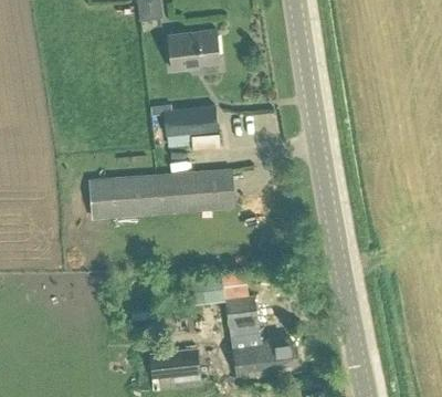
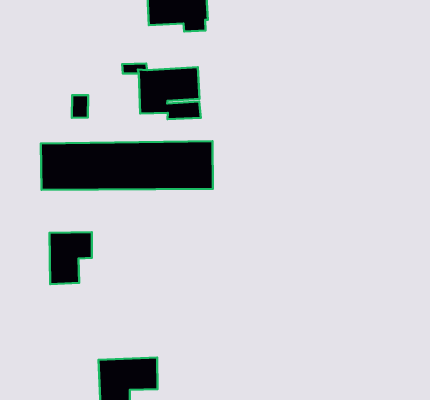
building: none -> [49,232,92,284]
building: [190,272,297,377] -> none

